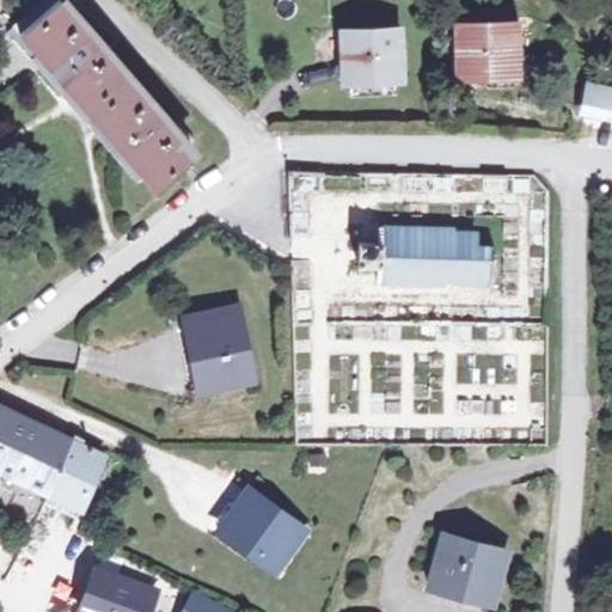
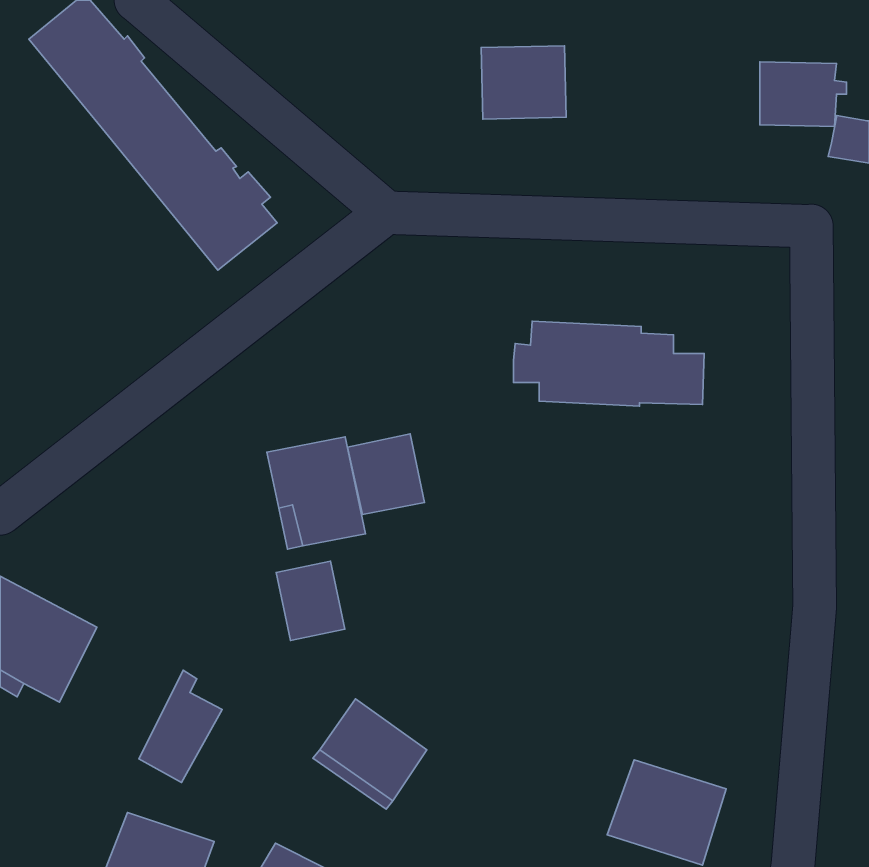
building: [457,24,518,69] -> [760,62,847,126]
building: none -> [347,434,424,514]
building: none -> [276,561,345,640]
building: [42,433,100,512] -> [139,670,222,783]

